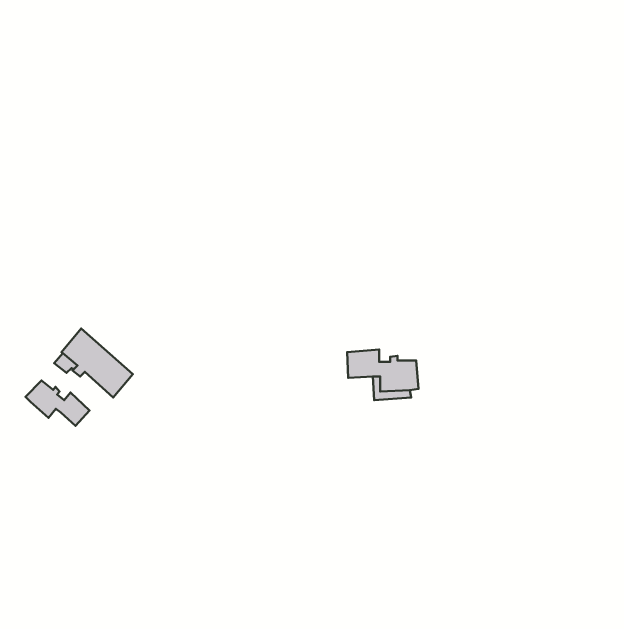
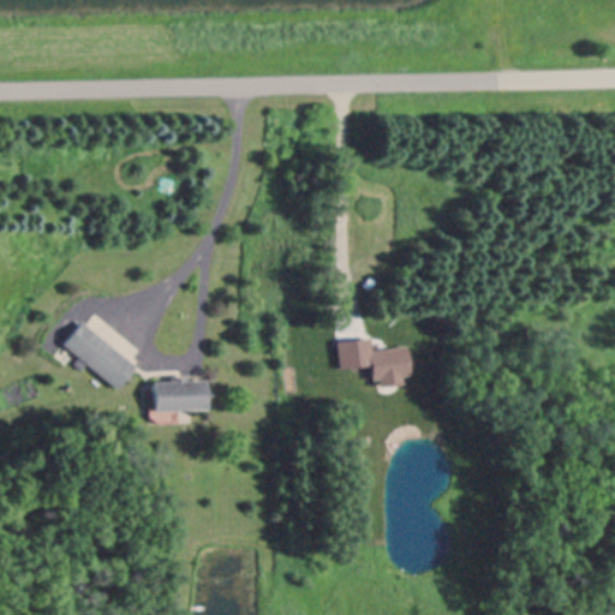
building: [26,380,89,426] -> none
building: none -> [154,375,205,408]

